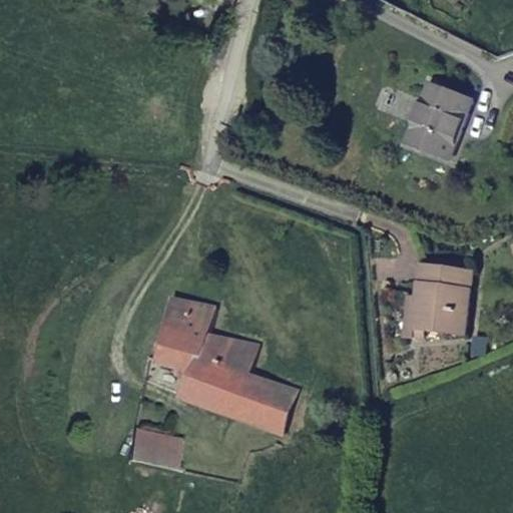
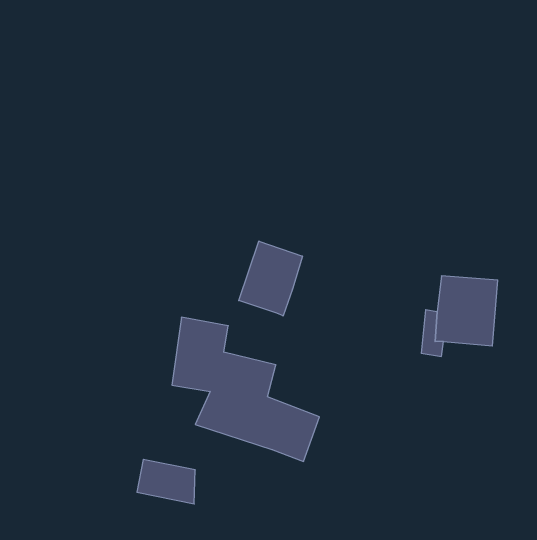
building: [398,73,462,148] -> none
building: none -> [239,241,302,316]

